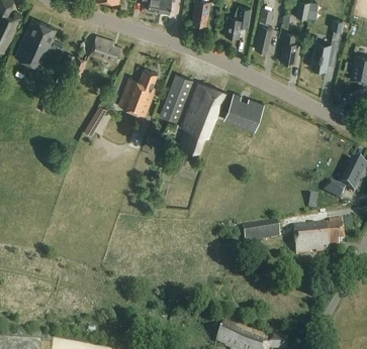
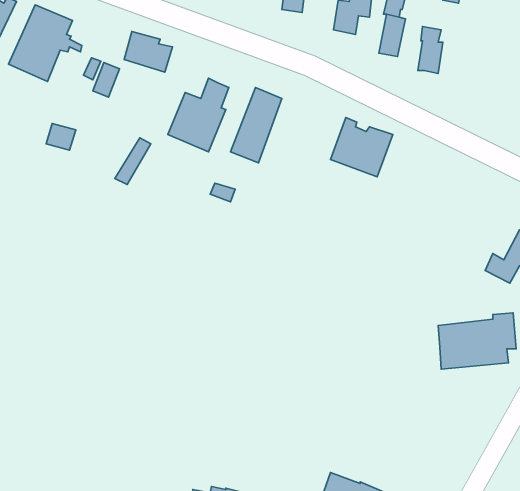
building: [310,38,339,69] -> none
building: [180,81,226,150] -> none
building: [242,219,279,242] -> none

